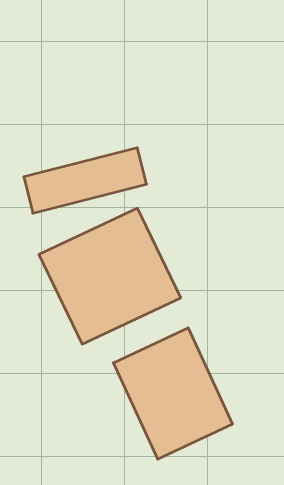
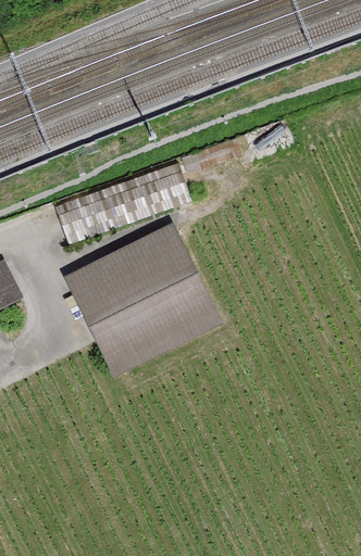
building: [113,328,232,459] -> none

